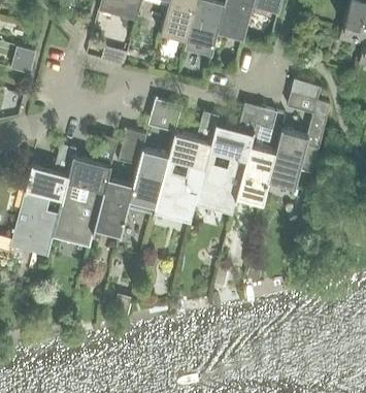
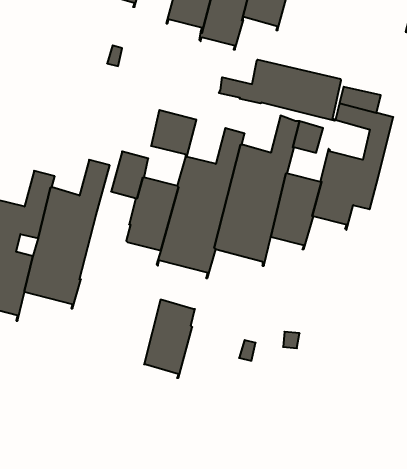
building: none -> [219,60,341,121]
building: [95,177,133,236] -> [144,300,195,378]

